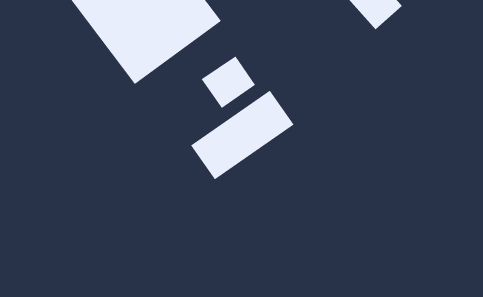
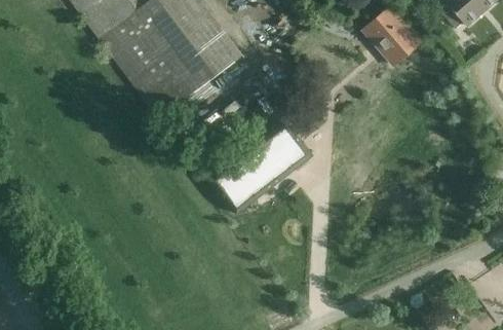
building: [201,55,256,109] -> none

